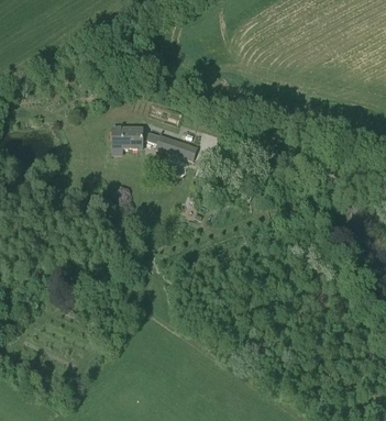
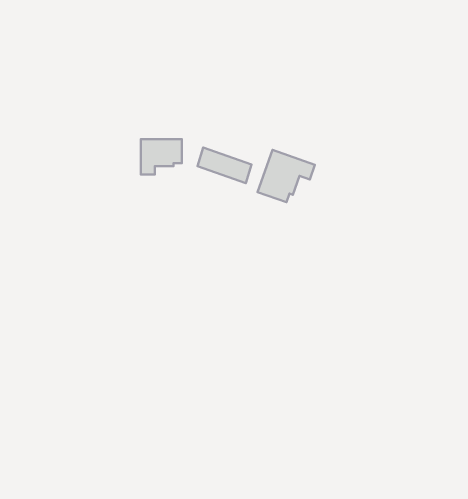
building: none -> [258,150,315,202]

